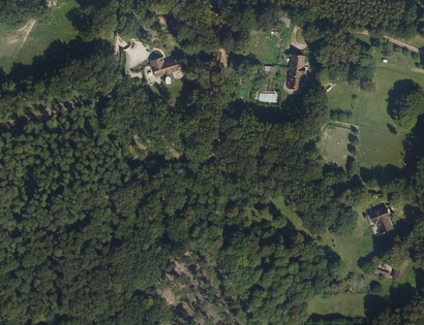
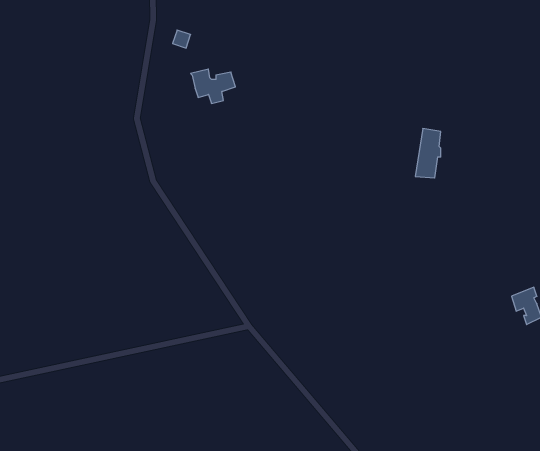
building: [286,54,304,88] -> [415,129,441,178]

